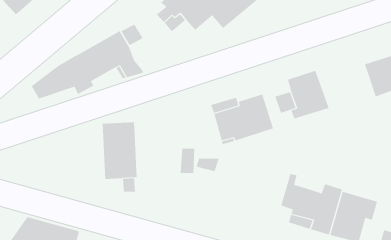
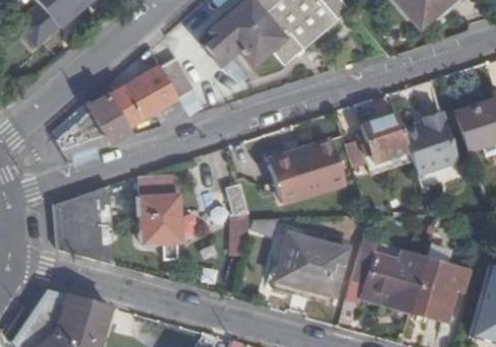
building: none -> [402,107,457,168]
building: none -> [53,187,113,265]
building: none -> [273,238,347,304]

